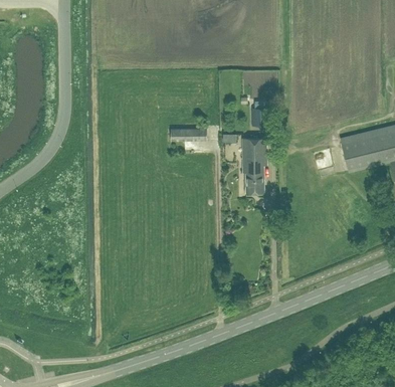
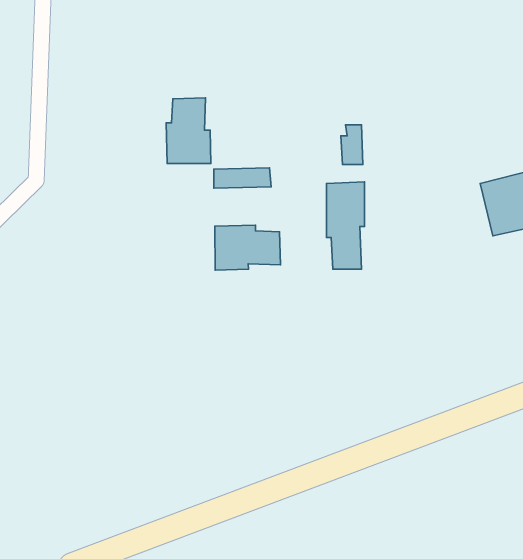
building: none -> [166,98,211,163]
building: none -> [215,225,280,270]

